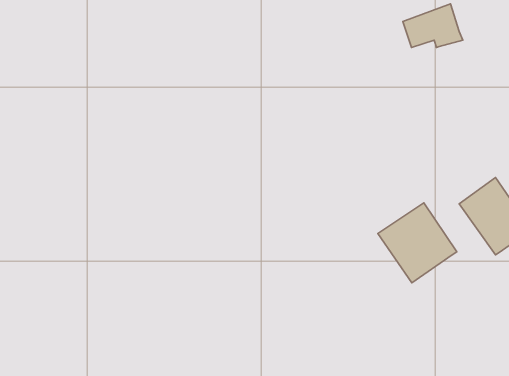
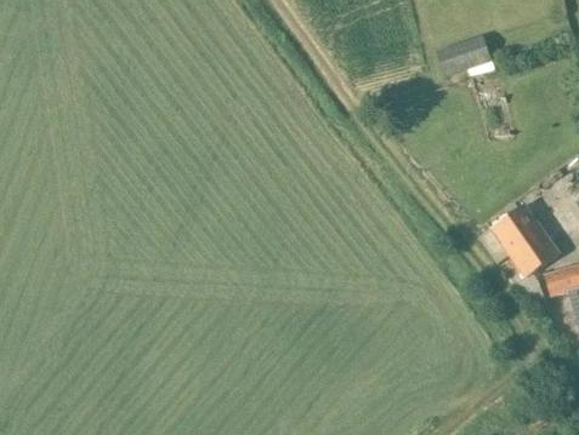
building: [378,203,457,283] -> none

